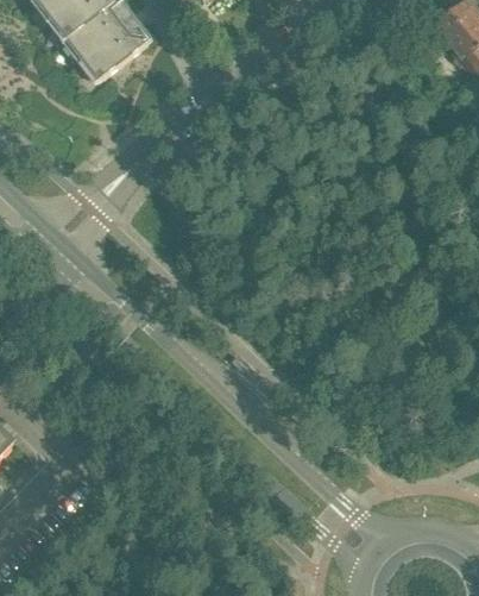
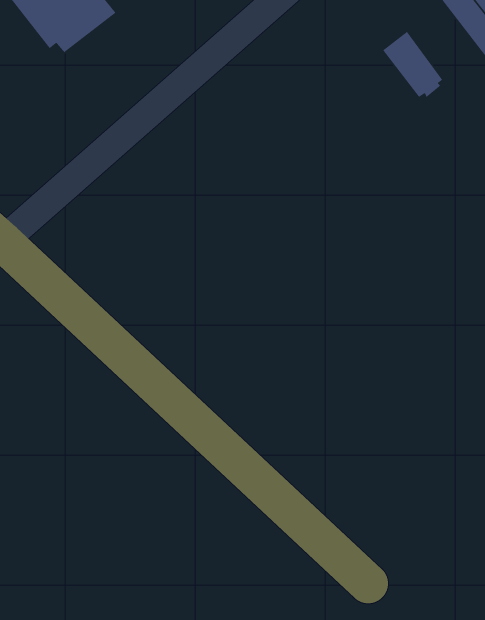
building: none -> [382,31,443,98]

